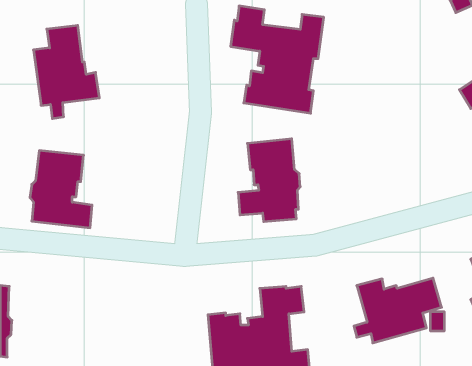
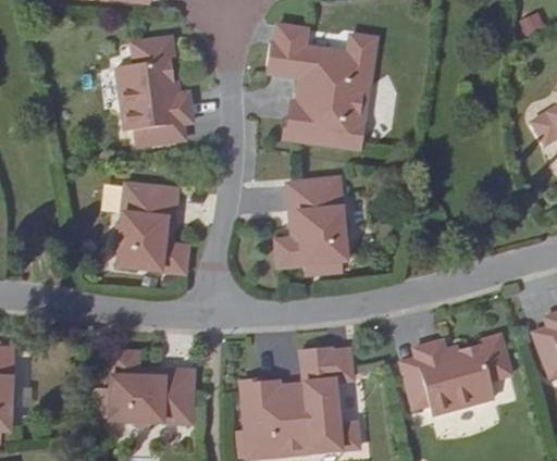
building: [33,25,99,119] -> [115,38,191,146]
building: [30,151,92,228] -> [114,184,186,273]
building: none -> [109,351,193,425]

